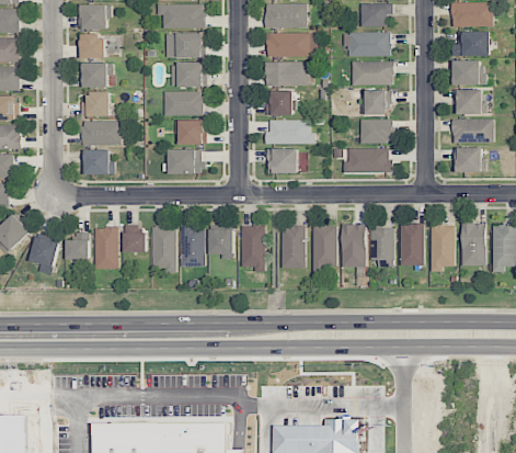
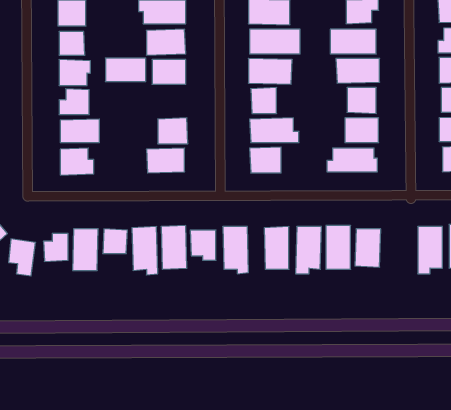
building: [163,91,203,114] -> [105,58,146,82]
building: [400,224,424,265] -> none

